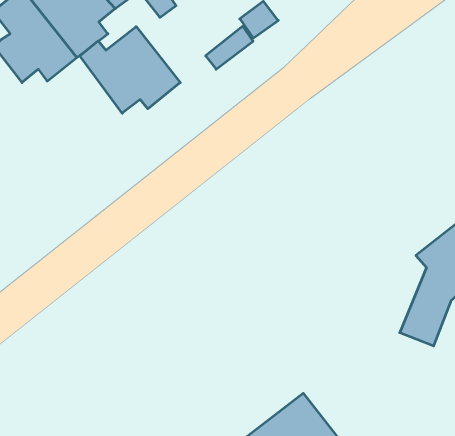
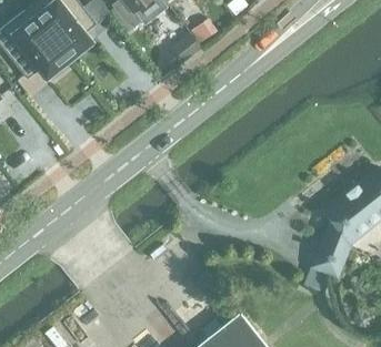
building: [80,27,180,113] -> none

